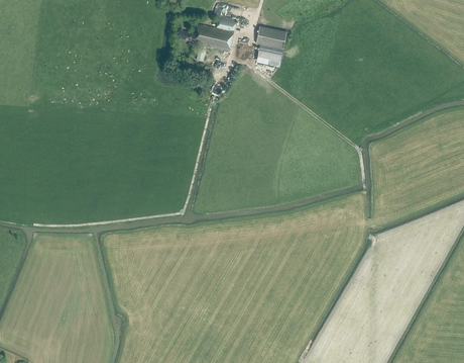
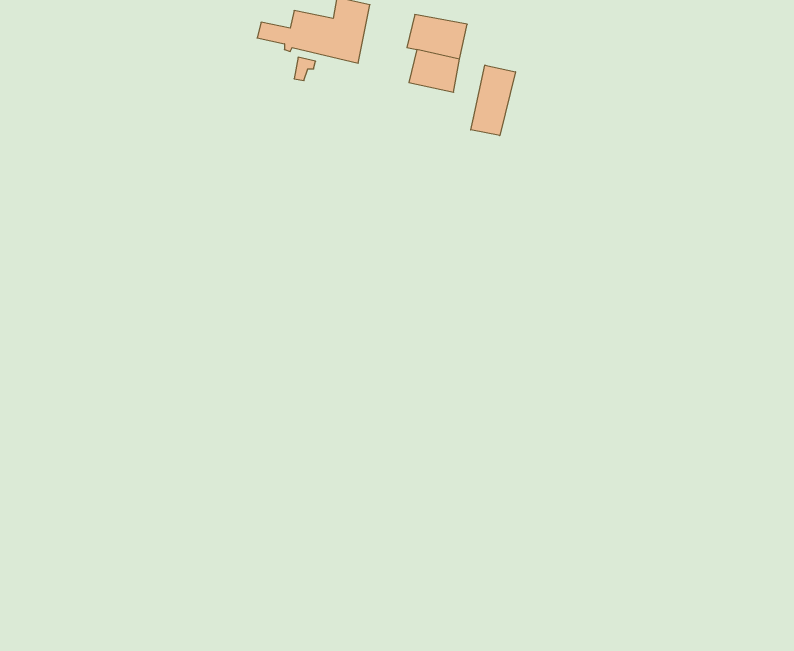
building: none -> [471,65,515,136]

